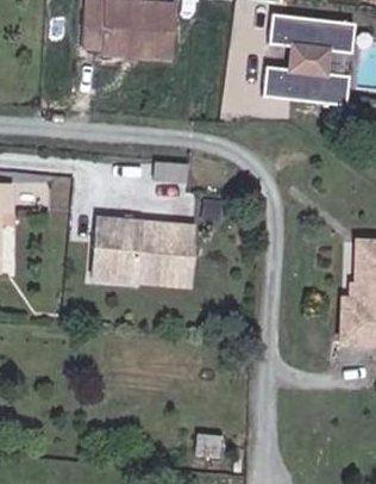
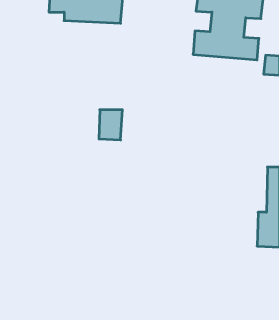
building: [93,216,193,281] -> none

